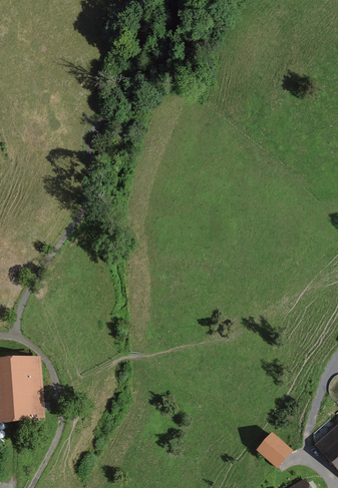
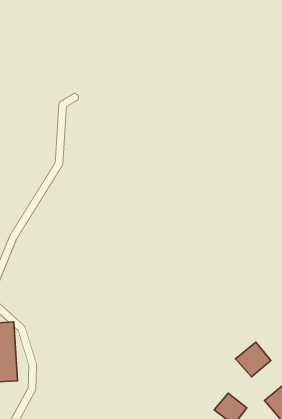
building: none -> [235,342,271,377]

